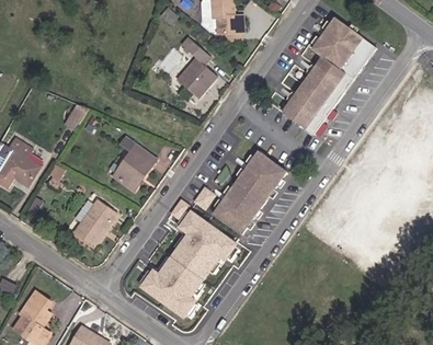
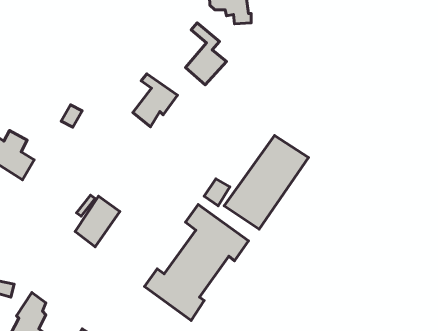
building: [278,22,372,139] -> none
building: [114,136,156,185] -> [133,74,177,127]

